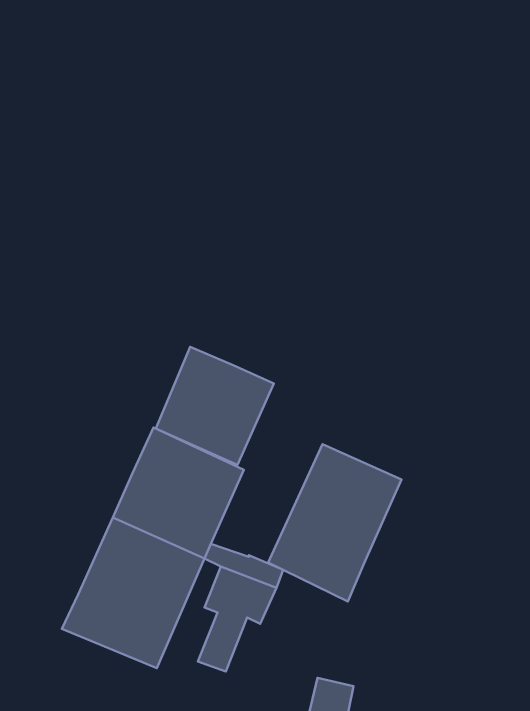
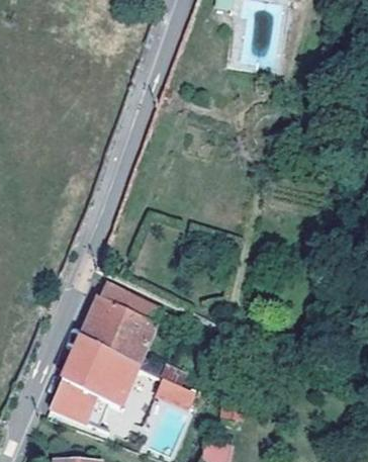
building: [156,347,274,465] -> none
building: [268,444,401,602] -> none

